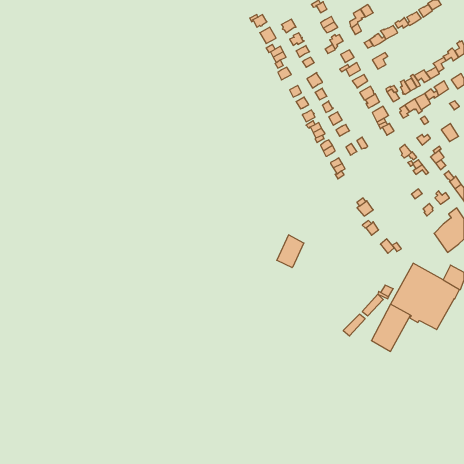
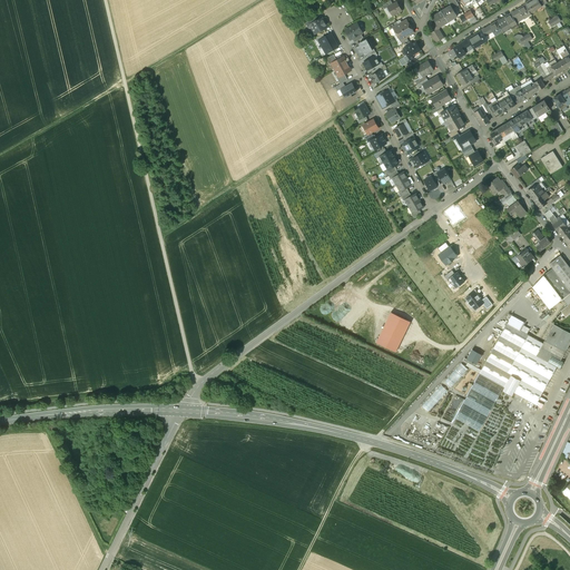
building: [277,235,304,268] -> [376,312,410,352]

